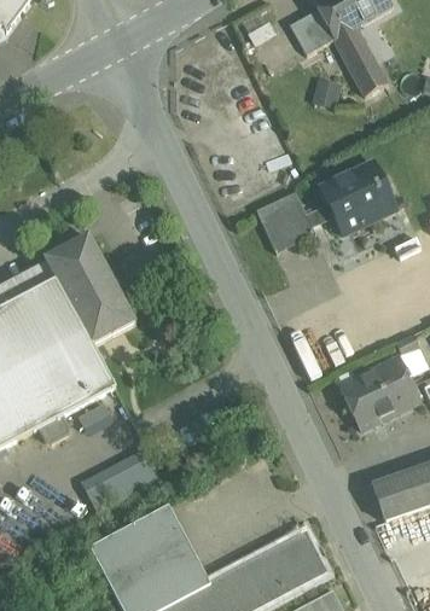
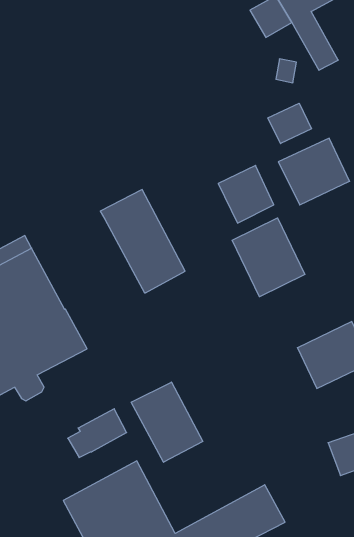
building: none -> [268,103,312,144]
building: [45,234,135,344] -> [100,190,185,293]
building: none -> [232,218,305,297]
building: none -> [131,382,203,462]

